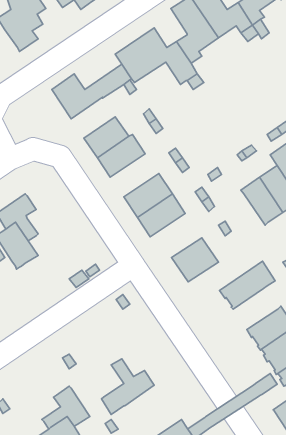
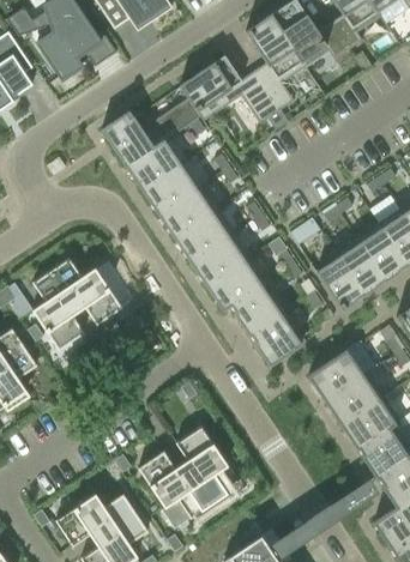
building: none -> [125,139,179,189]
building: none -> [173,209,233,261]
building: none -> [315,258,363,310]
building: none -> [70,260,134,325]
building: none -> [229,282,285,336]
building: none -> [324,370,382,424]
building: none -> [175,425,228,482]
building: none -> [138,451,189,507]
building: none -> [55,494,111,545]

